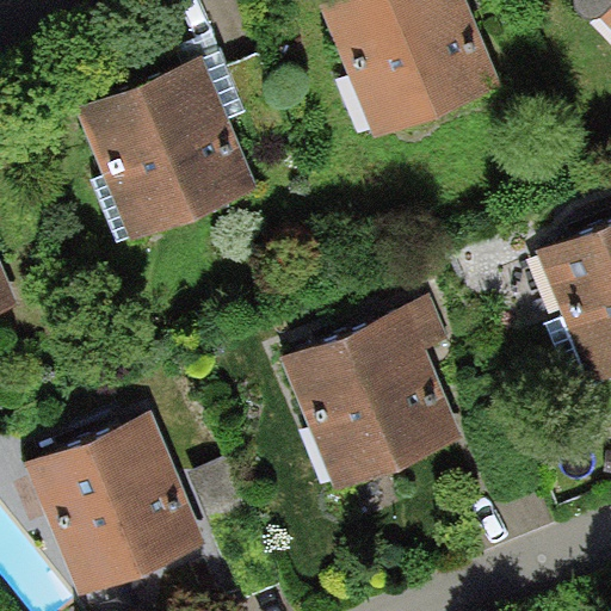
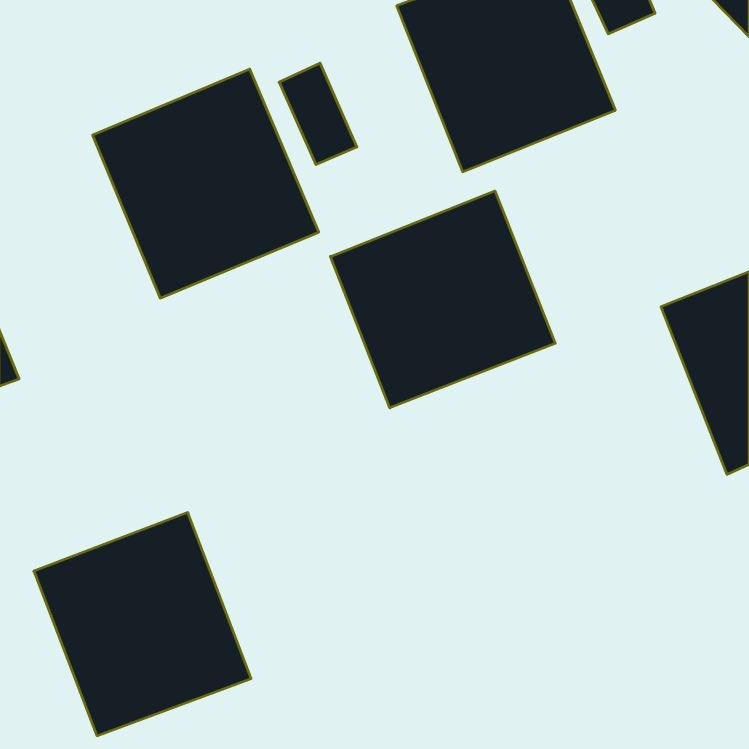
building: none -> [330,191,555,408]
building: [278,292,462,492] -> none

